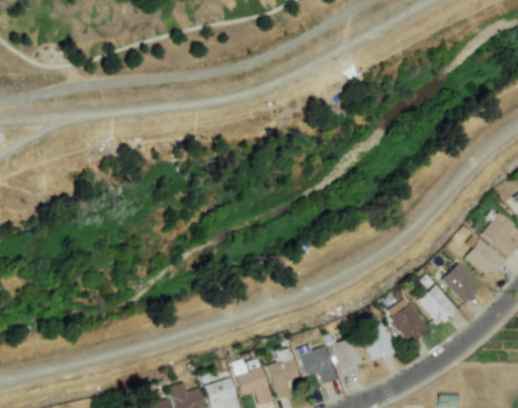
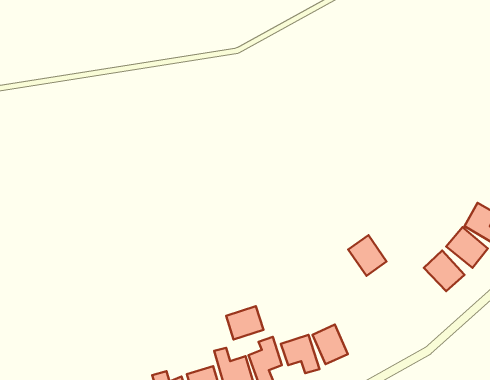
building: [417,284,456,324] -> none
building: [391,303,429,343] -> [348,235,387,276]
building: none -> [226,306,264,339]
building: [359,322,396,361] -> none

